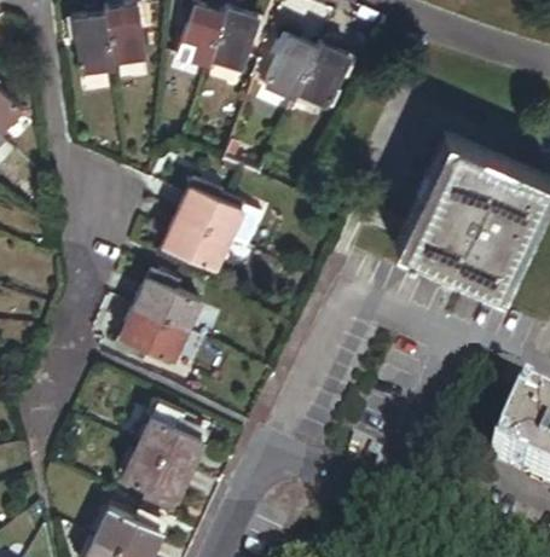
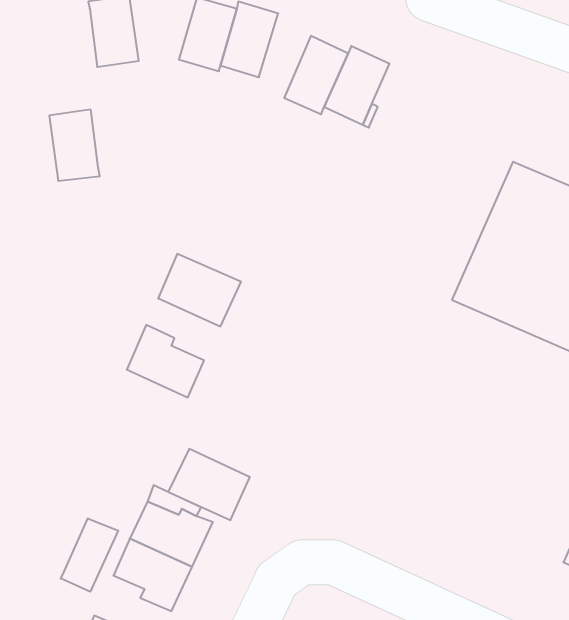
building: [71,14,112,72] -> [49,110,100,181]
building: [176,179,244,237] -> none
building: [118,308,185,366] -> [168,449,250,520]
building: none -> [61,518,118,592]

